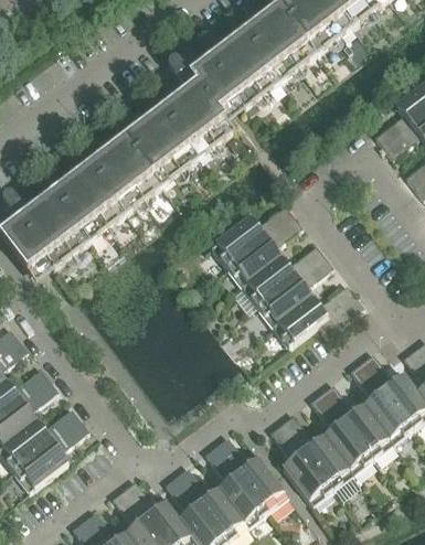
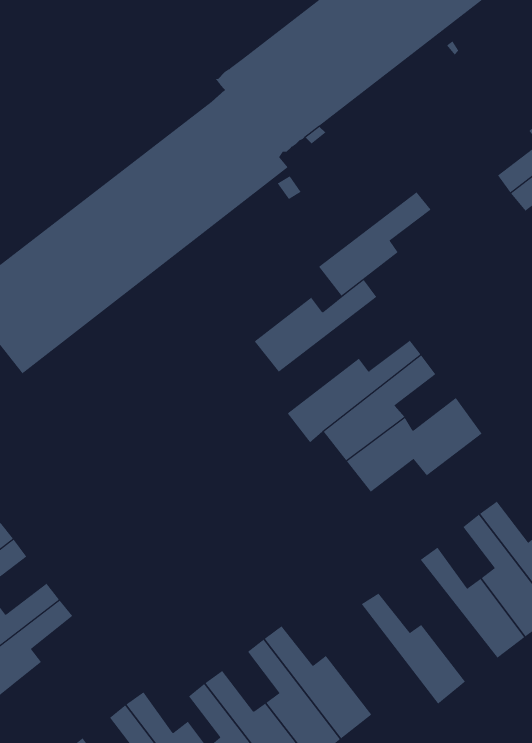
building: [226,216,302,287] -> [318,191,432,297]
building: [310,393,373,474] -> none
building: [270,423,333,505] -> none

